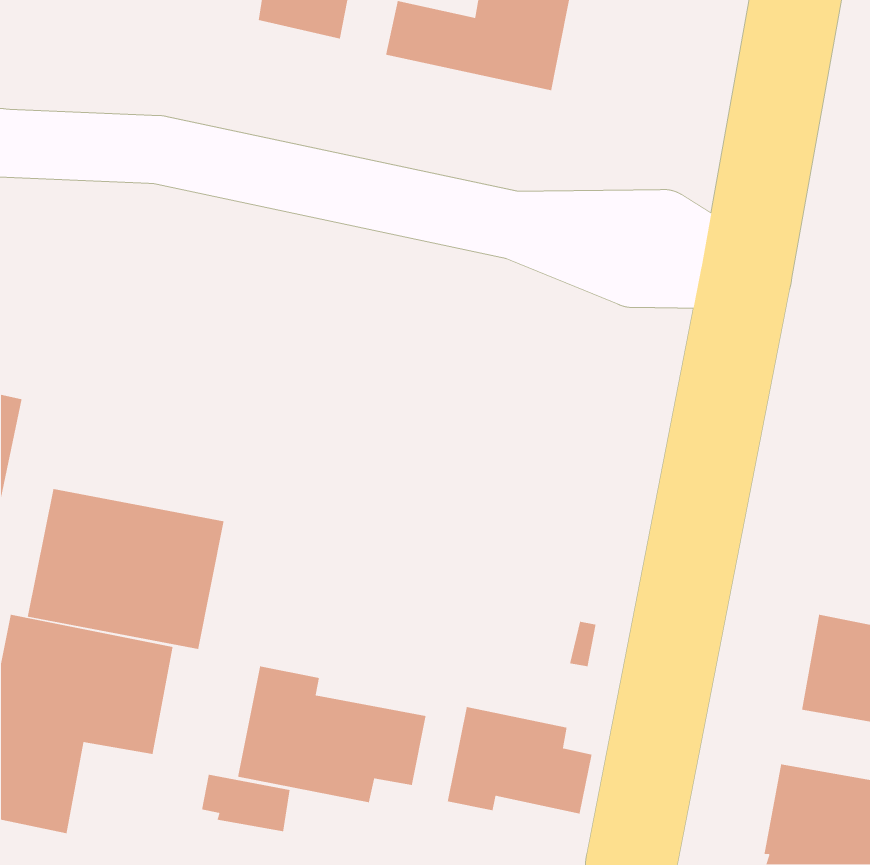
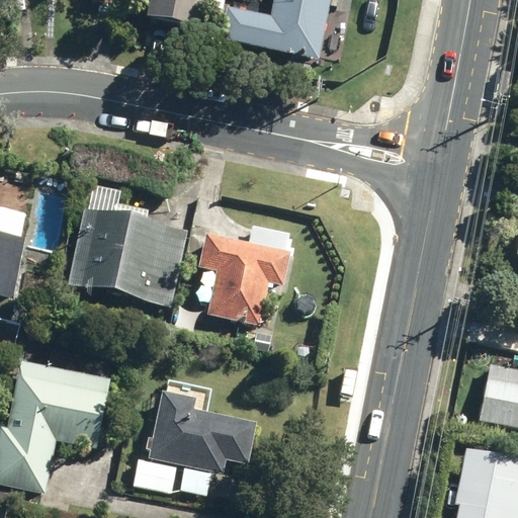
building: none -> [195,222,289,326]
building: [27,488,225,650] -> [70,210,186,306]
building: [447,706,593,814] -> none

